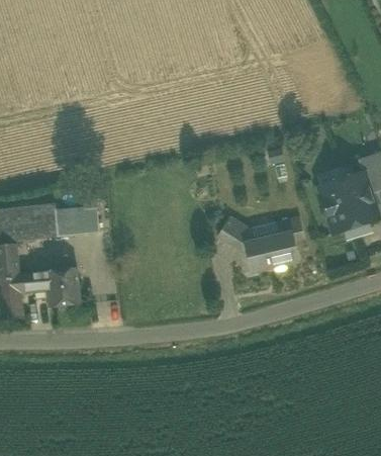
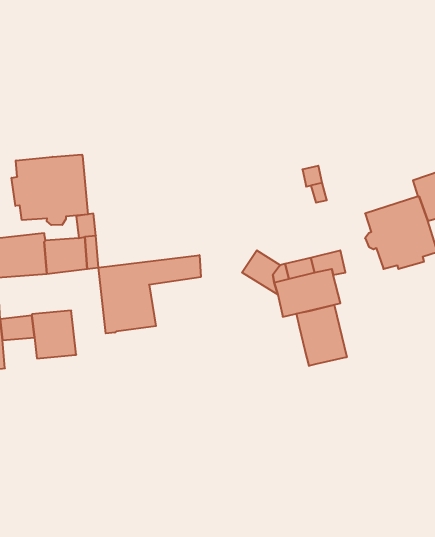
building: none -> [12,155,88,225]
building: none -> [98,255,201,333]
building: none -> [296,305,347,366]

